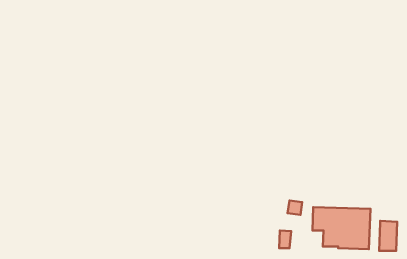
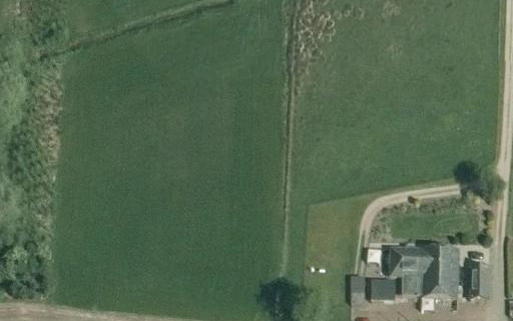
building: none -> [371,280,395,301]

